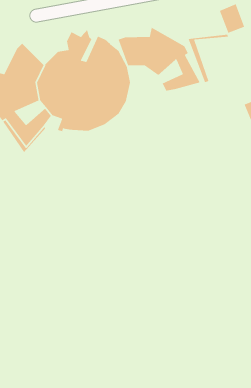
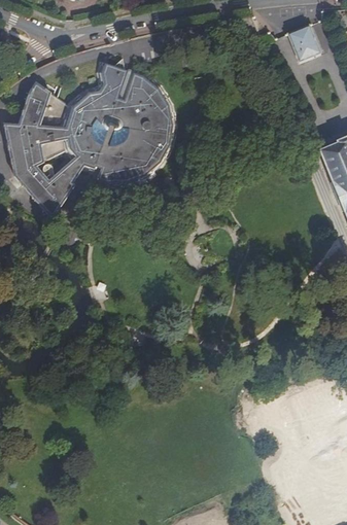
building: [118,26,201,92] -> none
building: [188,34,229,83] -> none

